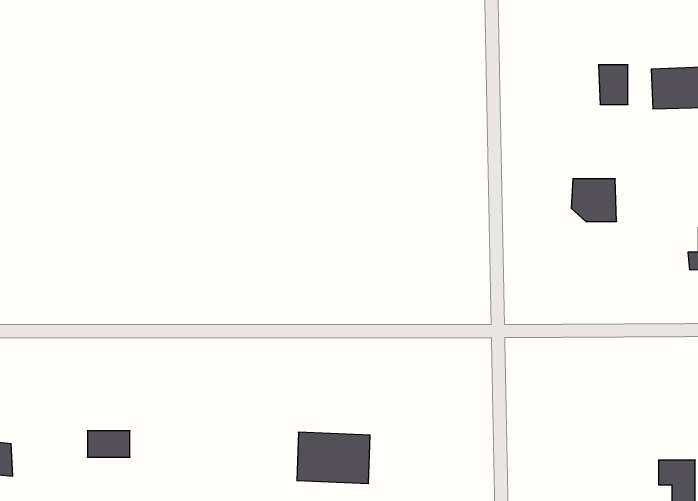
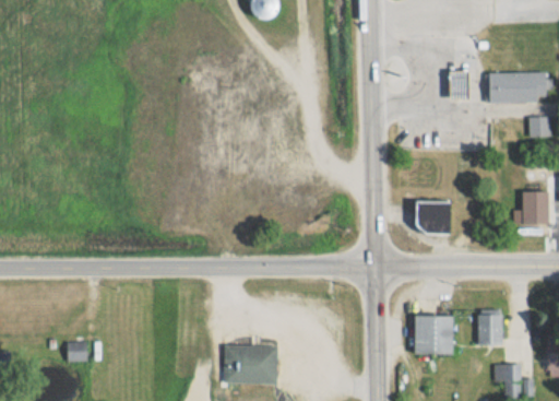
building: [571,179,617,221] -> [418,202,452,234]
building: none -> [479,315,503,346]
building: none -> [414,316,454,355]

